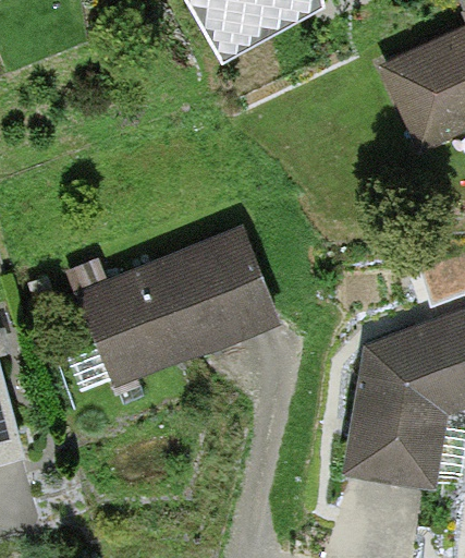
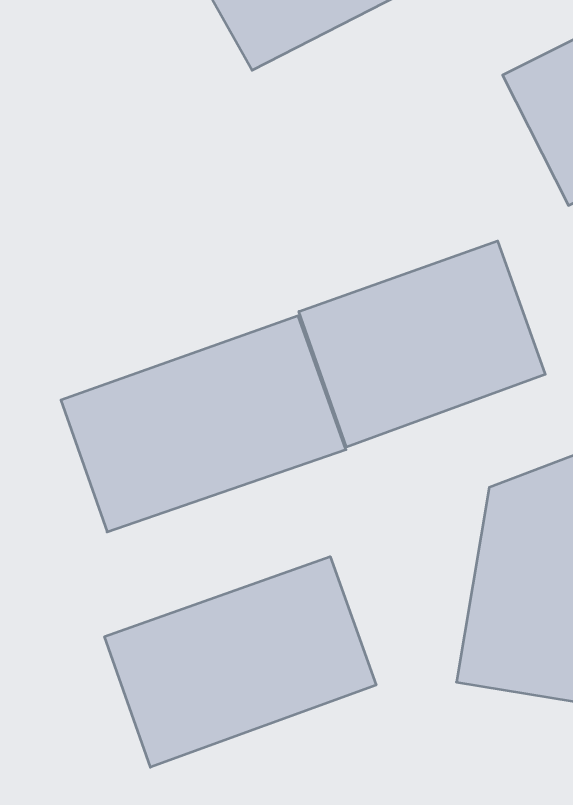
building: none -> [299,241,545,447]
building: none -> [105,557,376,767]

